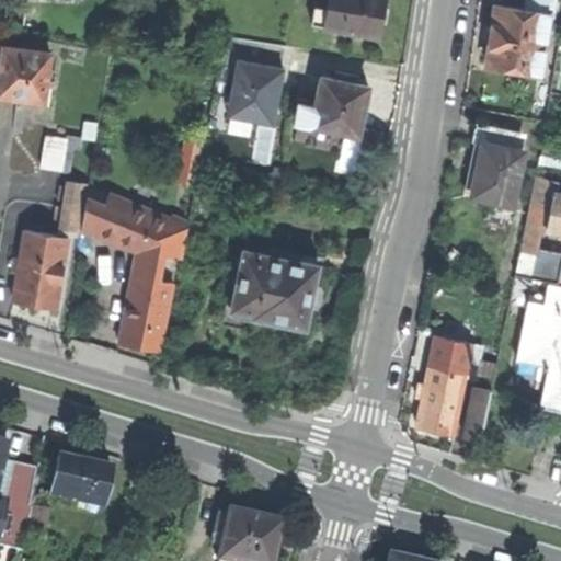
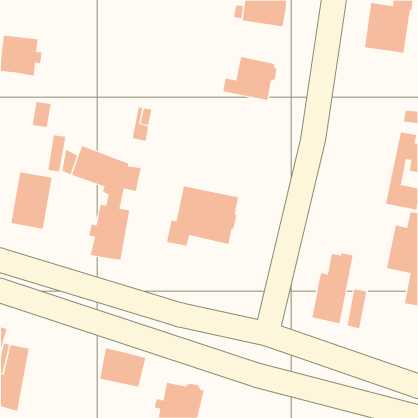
building: [220,60,280,125] -> none
building: [473,124,525,209] -> none
building: [50,453,113,505] -> [99,348,146,387]

